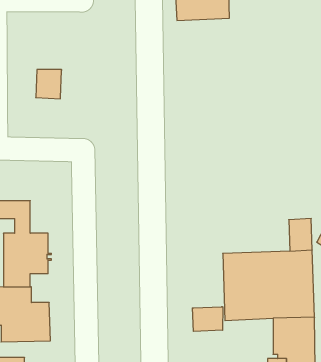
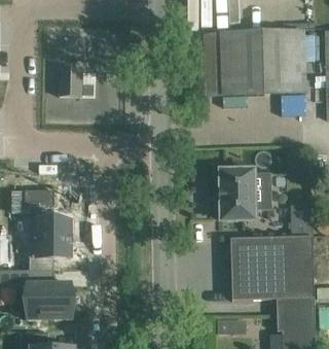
building: none -> [204,29,305,94]
building: none -> [218,166,269,219]
building: [192,307,223,331] -> none

